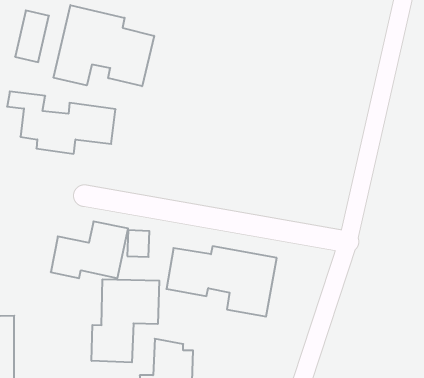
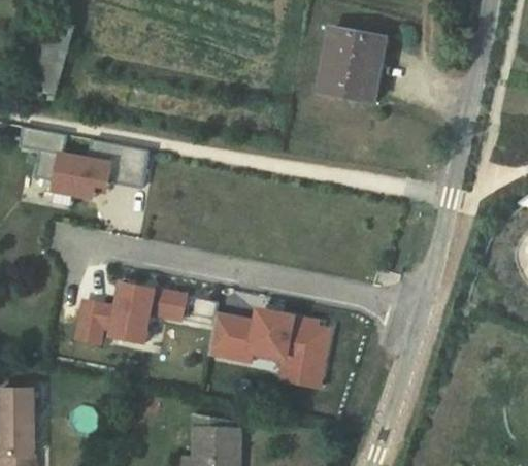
building: [54,5,154,86] -> none
building: none -> [318,29,384,102]
building: [92,279,159,362] -> none

